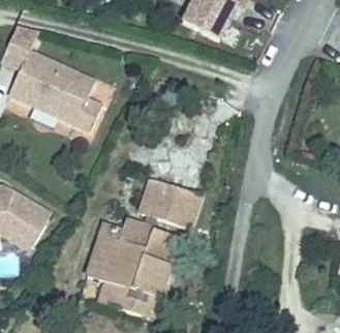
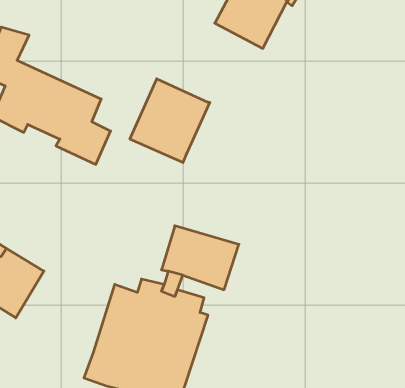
building: none -> [130,79,210,163]

